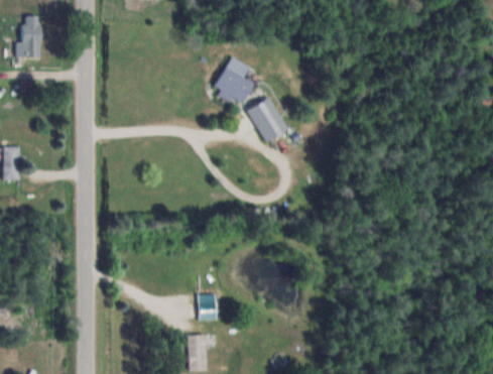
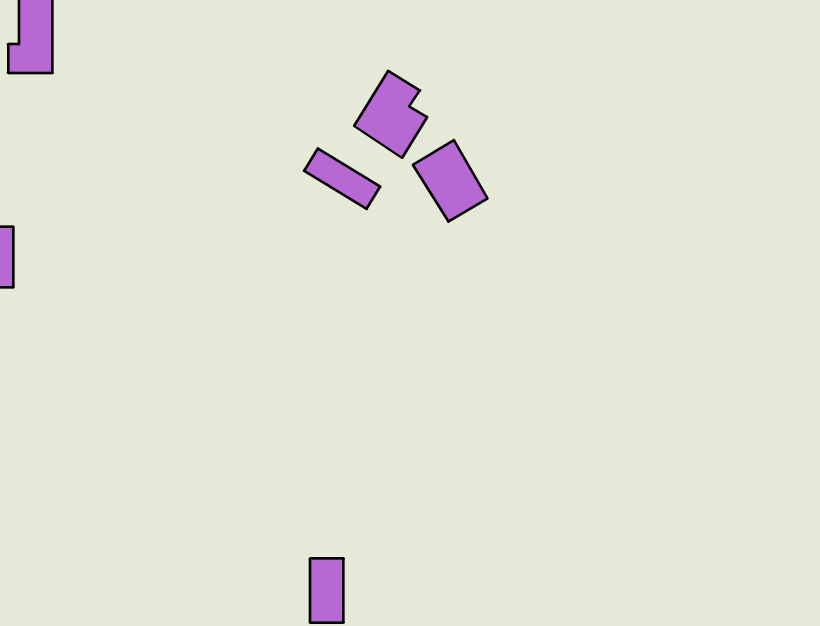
building: none -> [304,148,380,209]
building: [199,294,216,321] -> none

